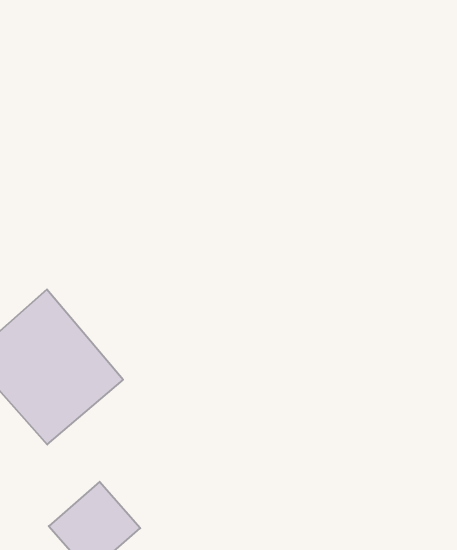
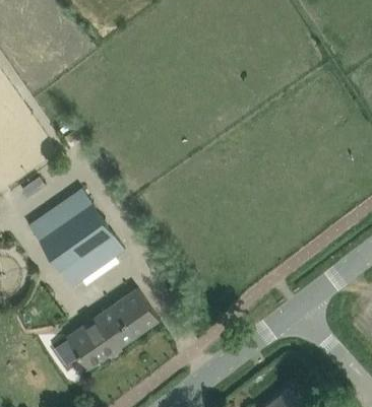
building: none -> [101,290,158,347]

